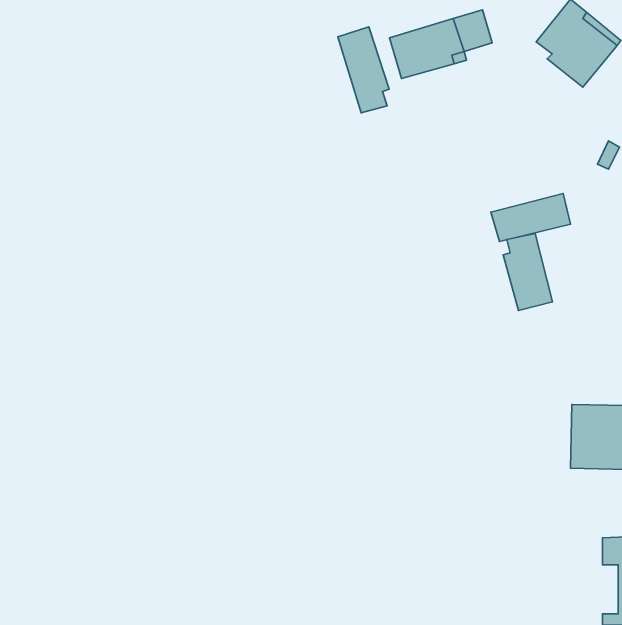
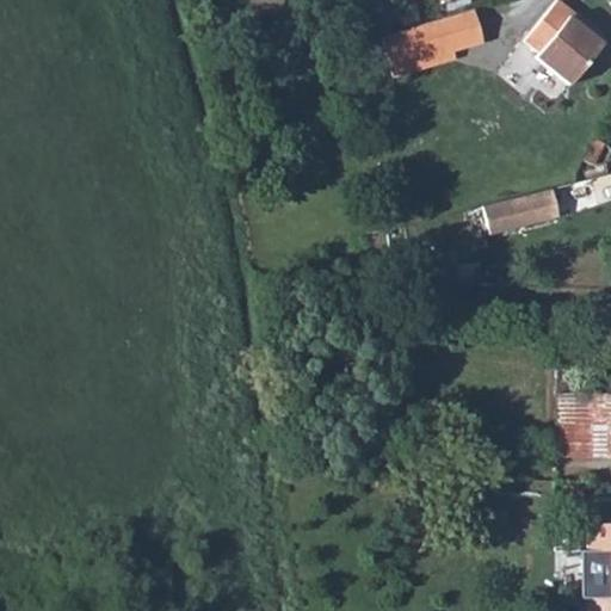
building: [338,27,389,113] -> none
building: [503,233,553,311] -> none

